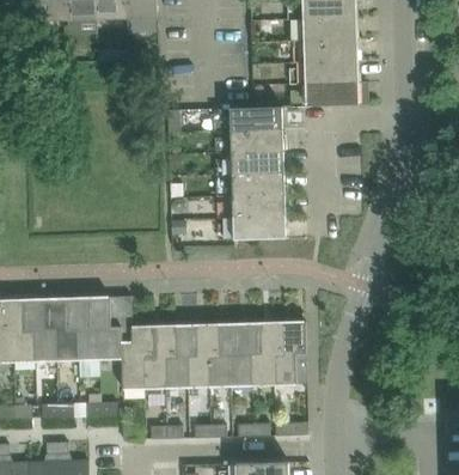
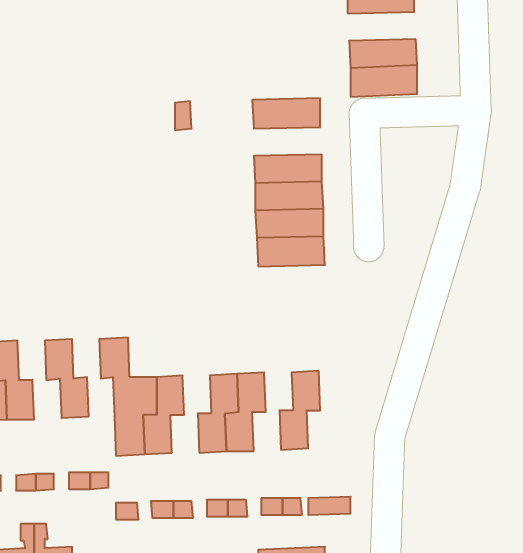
building: [304,38,357,61] -> none
building: [230,129,283,152] -> none
building: [86,297,120,358] -> none
building: [43,298,78,360] -> none
building: [271,322,305,383] -> none
building: [228,323,261,385] -> none
building: [164,325,196,386] -> none

